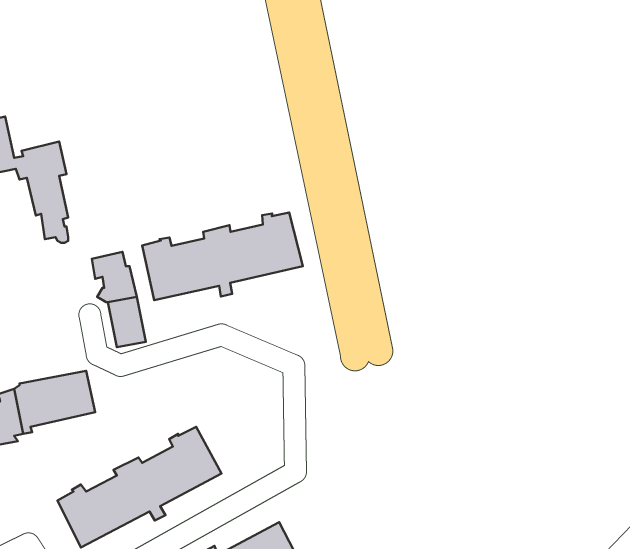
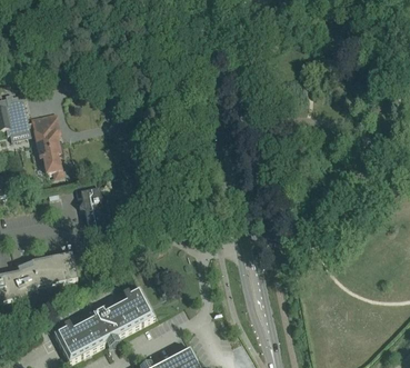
building: [142,213,303,300] -> none

